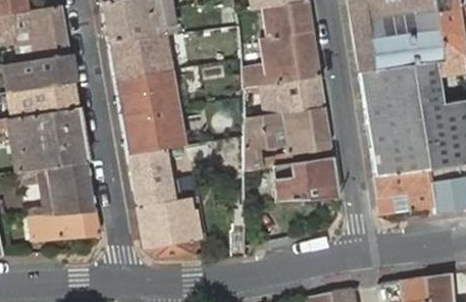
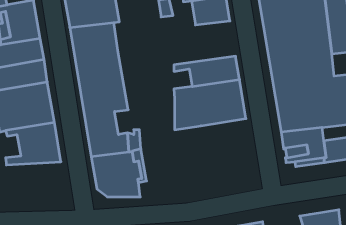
building: [240,33,319,89] -> none
building: [275,157,340,202] -> none
building: [28,212,101,240] -> none

